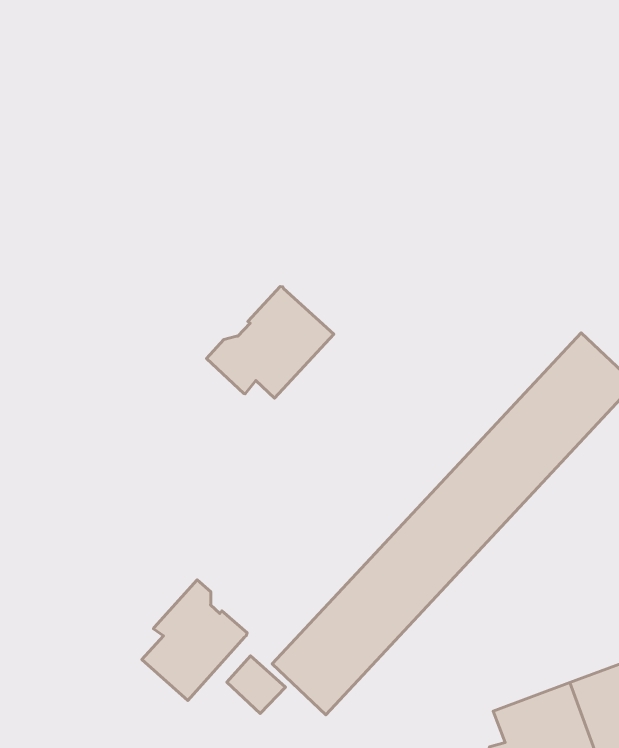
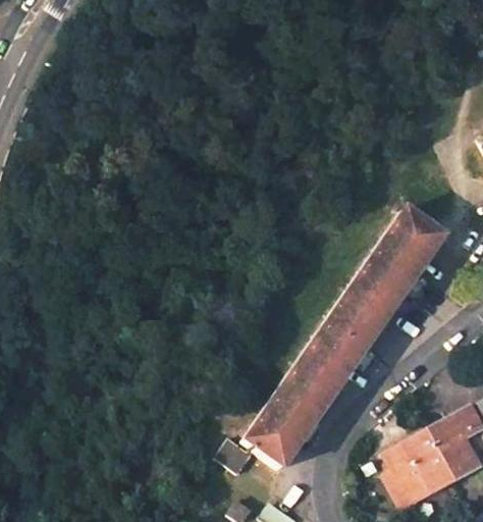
building: [206,287,334,398] -> none
building: [142,580,247,700] -> none

